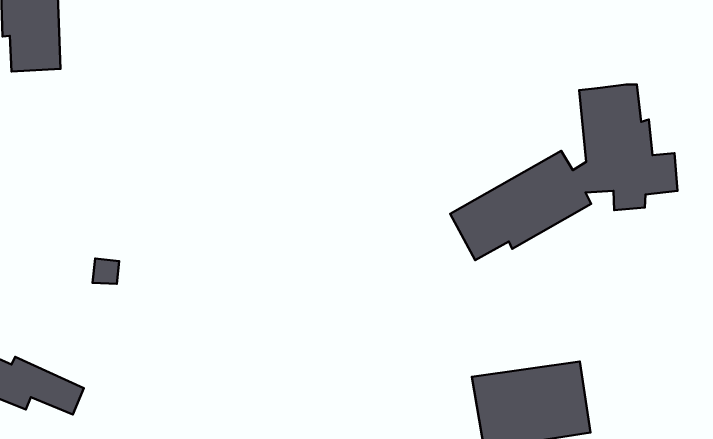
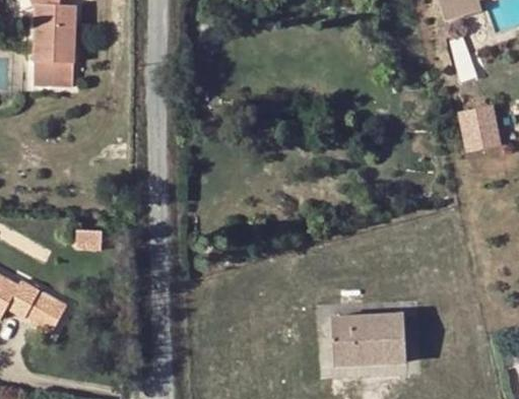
building: none -> [459,103,502,151]
building: [450,85,677,260] -> none

